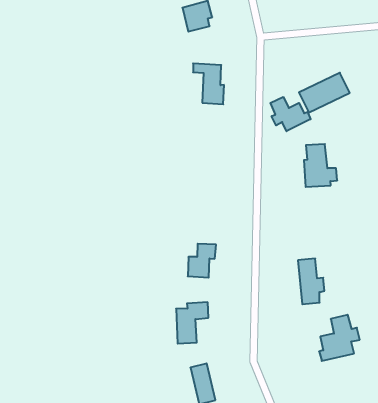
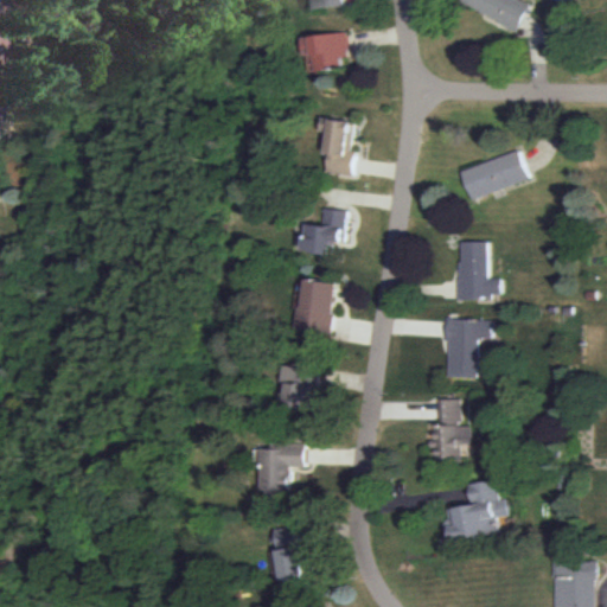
building: [270,97,311,131] -> none
building: none -> [298,207,346,256]
building: none -> [290,281,336,333]
building: none -> [445,318,488,375]

